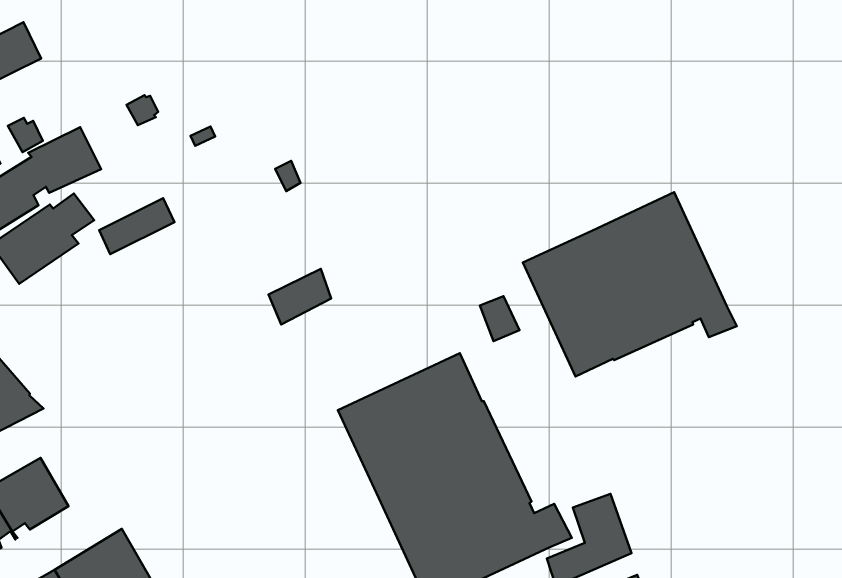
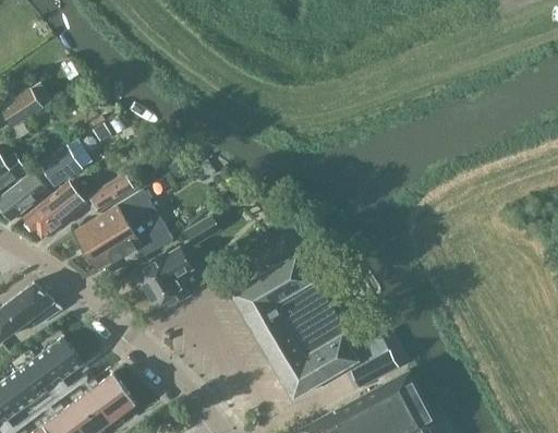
building: [523,192,737,376] -> none
building: none -> [74,190,172,270]
building: none -> [138,248,191,316]

